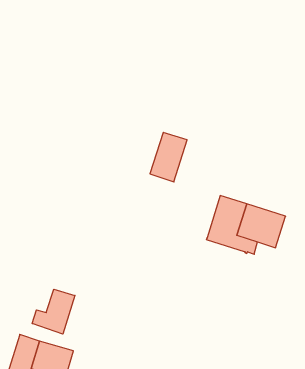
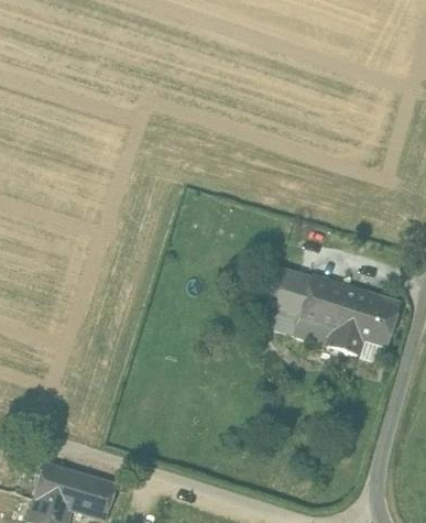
building: [150,132,187,182] -> [263,265,313,331]
building: [32,289,75,334] -> none

